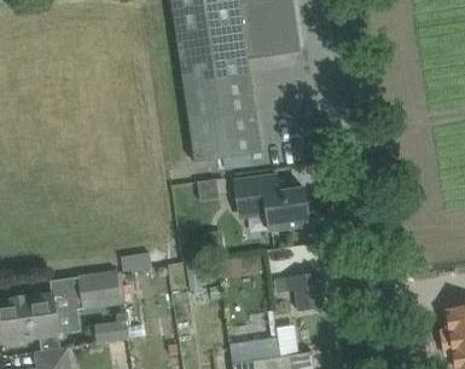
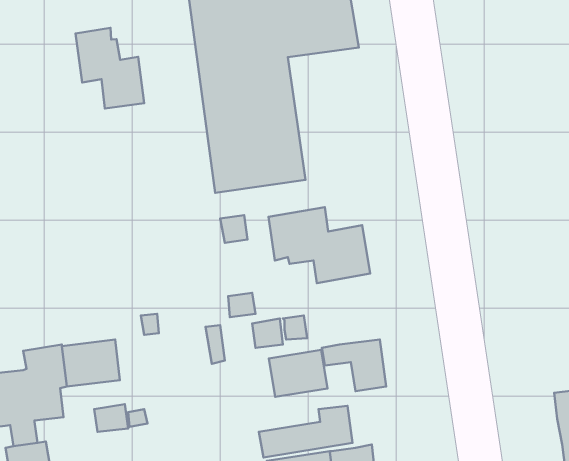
building: none -> [75,28,144,109]
building: none -> [269,350,327,397]

